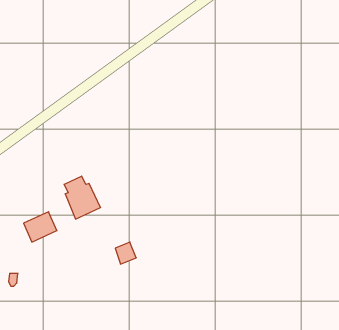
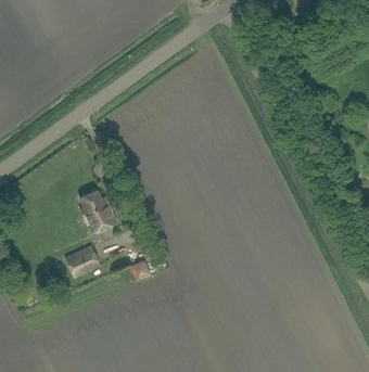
building: [24,212,57,242] -> [64,245,99,277]

